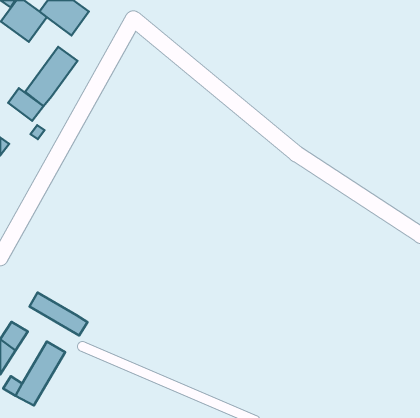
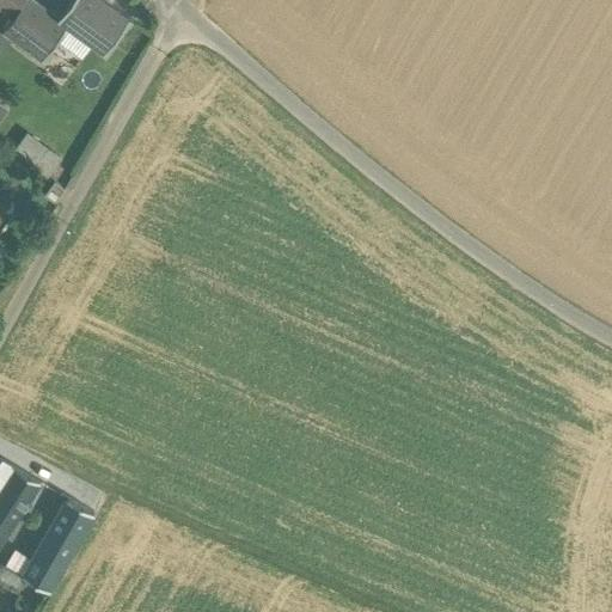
building: [25,47,77,106] -> none
building: [29,292,88,336] -> none

